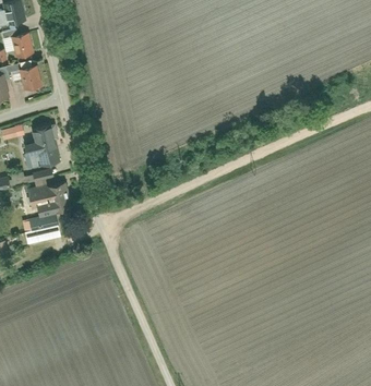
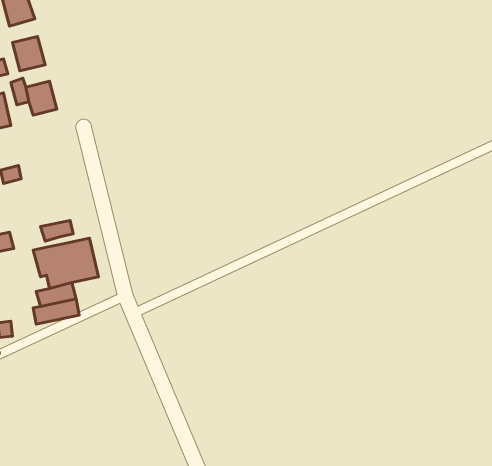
building: [22,125,59,165] -> none

